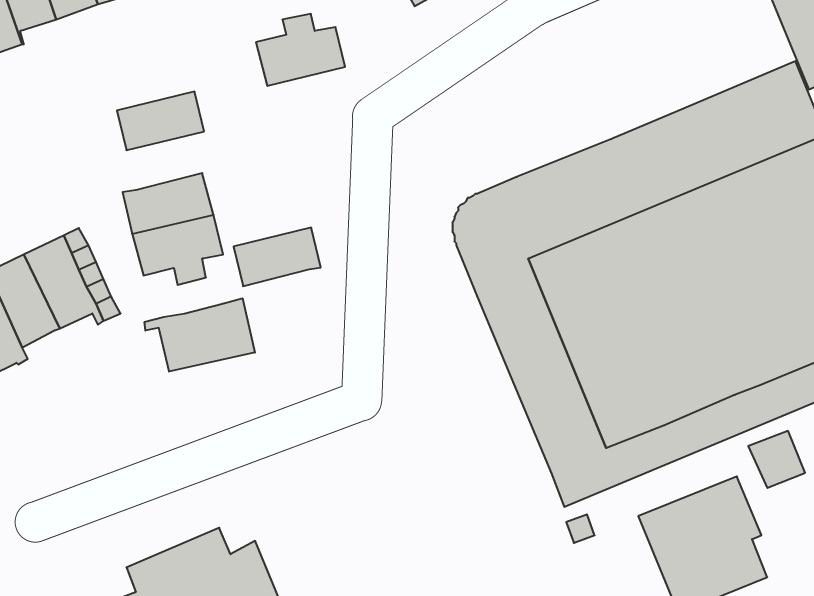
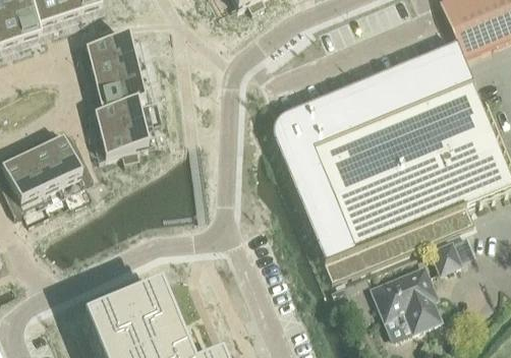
building: [256,14,345,86] -> [88,26,135,65]
building: [234,228,321,286] -> [99,76,146,108]
building: [145,298,255,372] -> none

